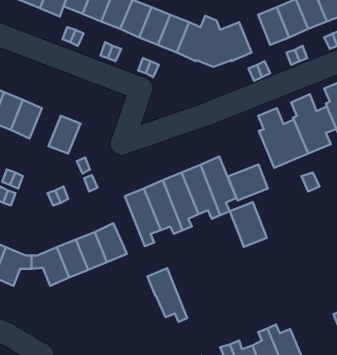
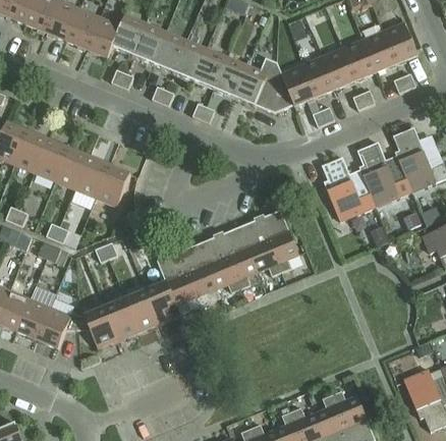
building: none -> [301,56,335,97]
building: none -> [75,157,109,198]
building: [228,164,268,201] -> none
building: [230,202,267,247] -> none
building: [147,268,187,322] -> [157,252,200,310]

